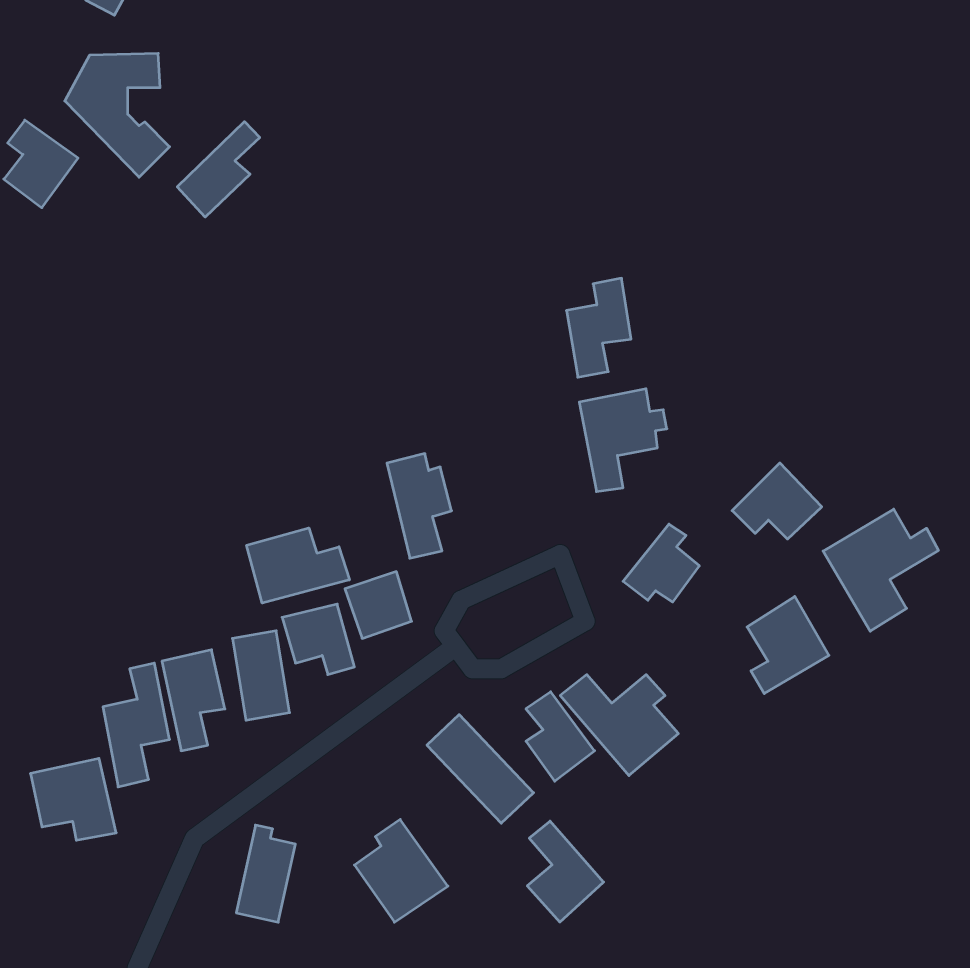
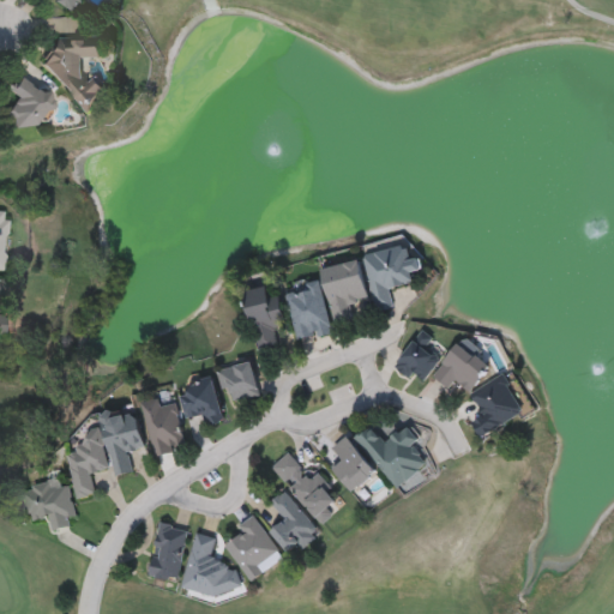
building: [177,122,260,217] -> none
building: [566,278,631,377] -> [325,260,366,323]
building: none -> [288,285,329,338]
building: [732,463,822,539] -> [432,343,488,391]
building: [823,509,938,631] -> none
building: [247,528,349,603] -> none
building: [527,821,604,922] -> [269,492,317,555]
building: none -> [180,532,241,595]

